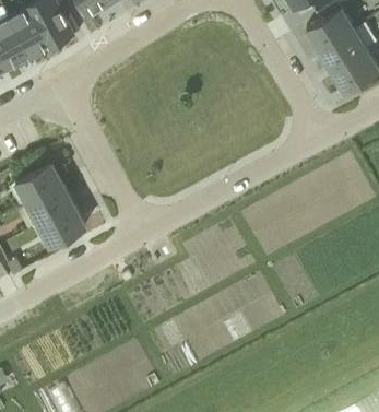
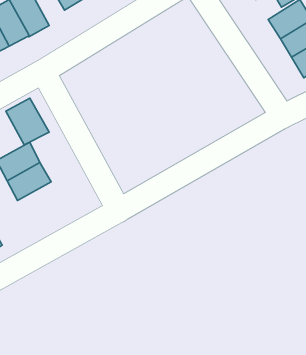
building: none -> [6,98,49,145]
building: [38,203,86,245] -> none

